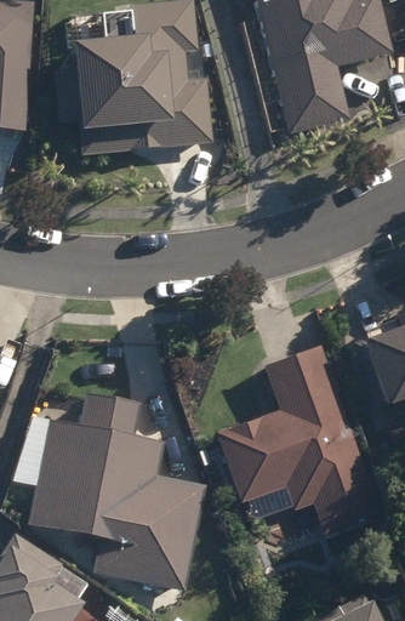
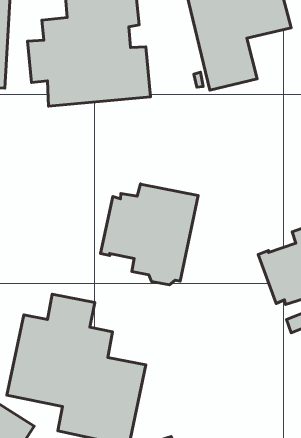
building: none -> [100,184,198,285]
building: [216,346,378,532] -> none

